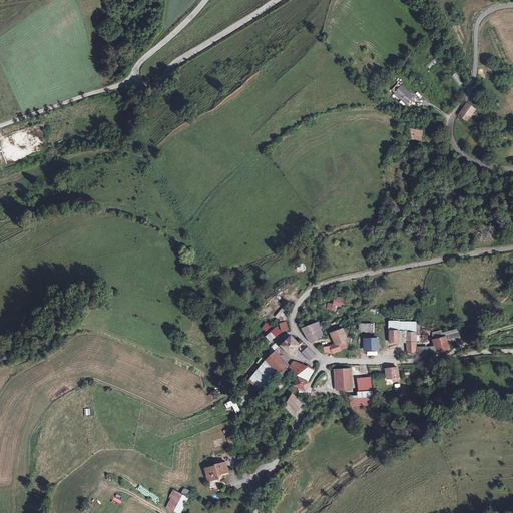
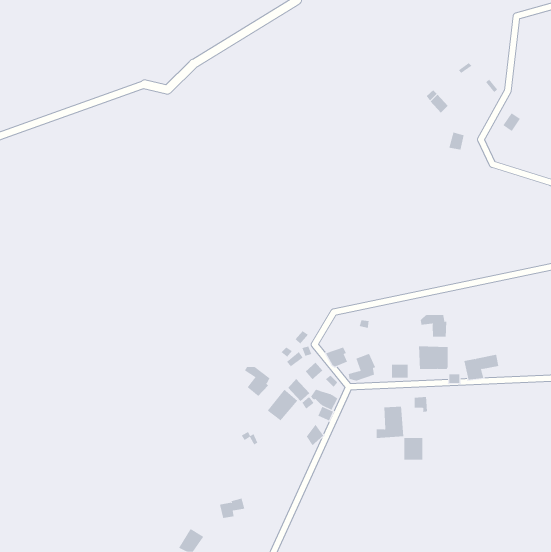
building: none -> [420,314,447,338]
building: none -> [244,366,270,397]
building: [334,369,352,390] -> [404,438,423,460]

